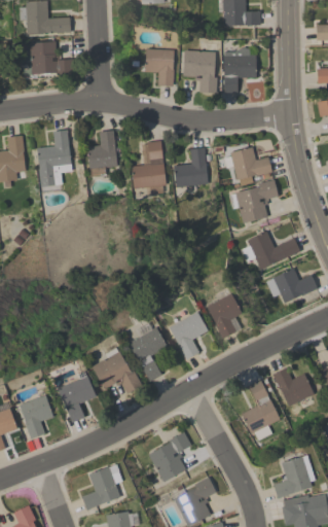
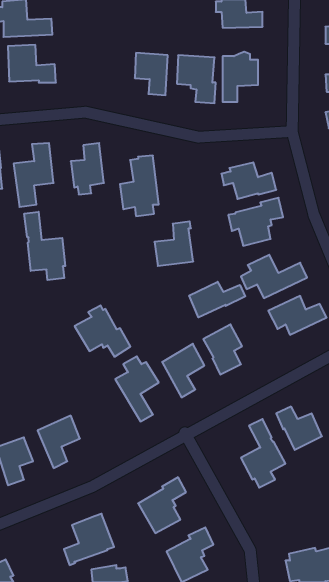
building: [174,147,209,187] -> [154,221,193,266]
building: none -> [24,212,65,280]
building: none -> [189,282,245,317]
building: [92,348,142,394] -> [75,305,130,357]
building: [274,455,315,498] -> none

